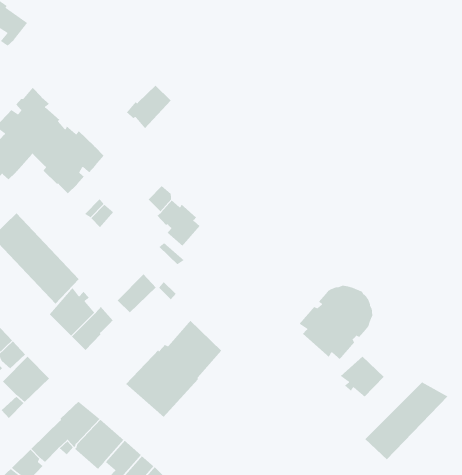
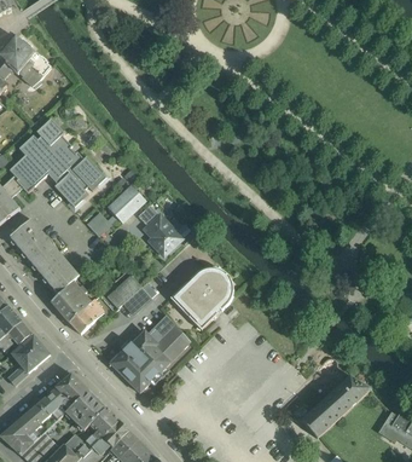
building: [126,85,172,129] -> [106,187,144,223]
building: [299,285,373,360] -> [173,266,233,327]
building: [340,356,385,397] -> none

